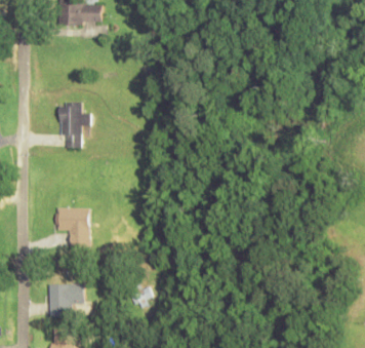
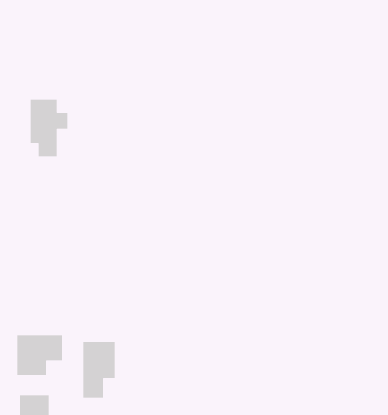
building: [58,208,89,246] -> none
building: none -> [82,341,116,399]

